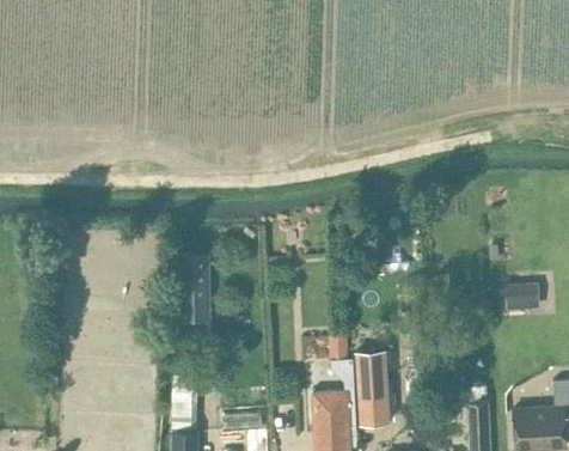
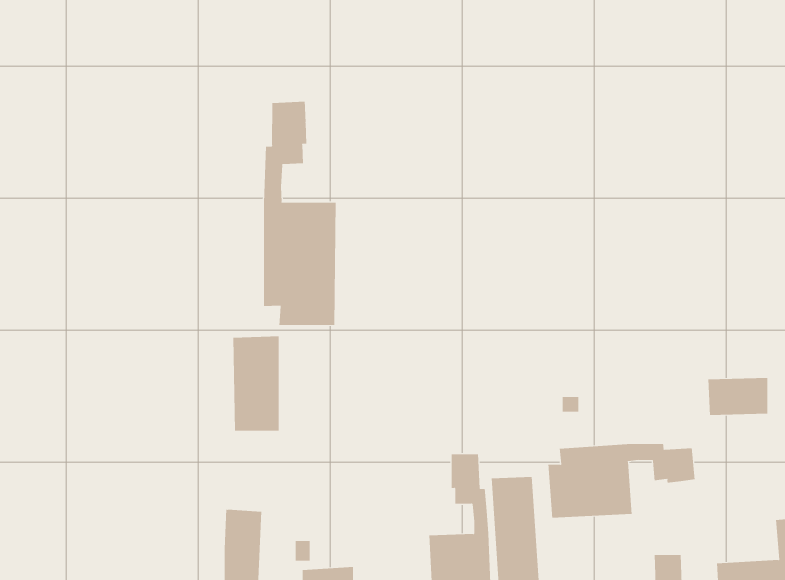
building: none -> [263,101,336,326]
building: none -> [548,443,695,519]

